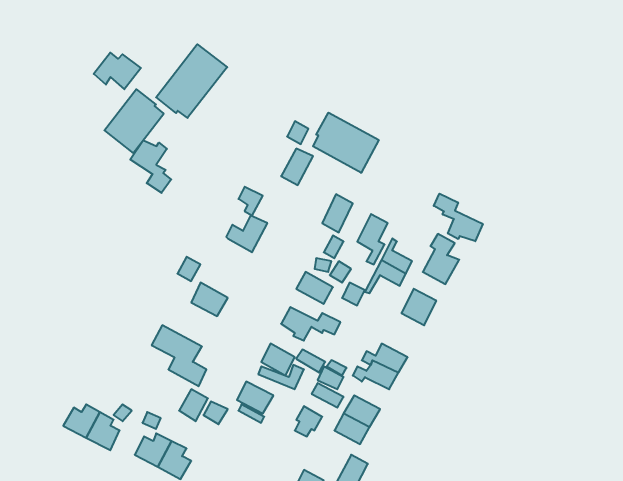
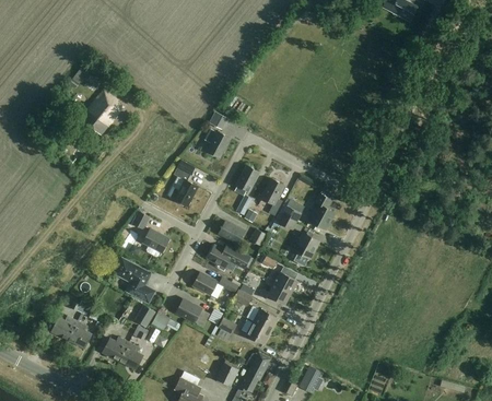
building: [156,44,227,118] -> none
building: [313,113,379,173] -> none
building: [130,140,171,193] -> none
building: [434,194,483,241] -> none

